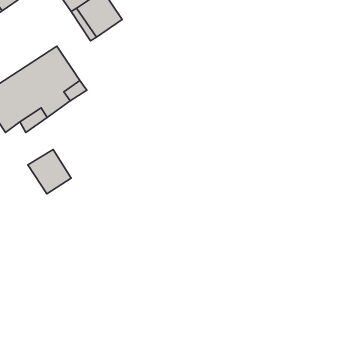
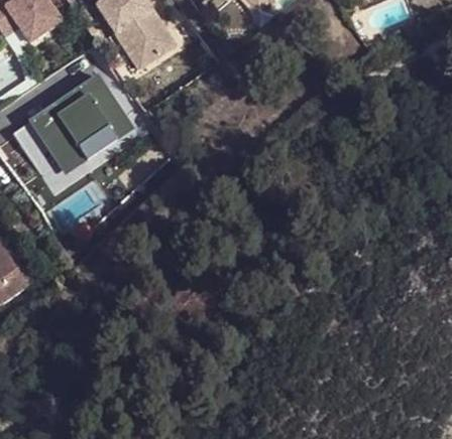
building: [28,149,71,194] -> none

